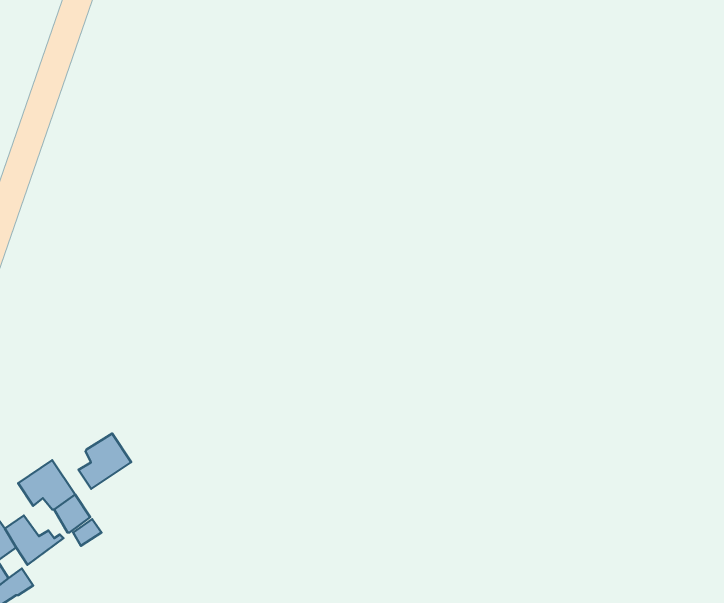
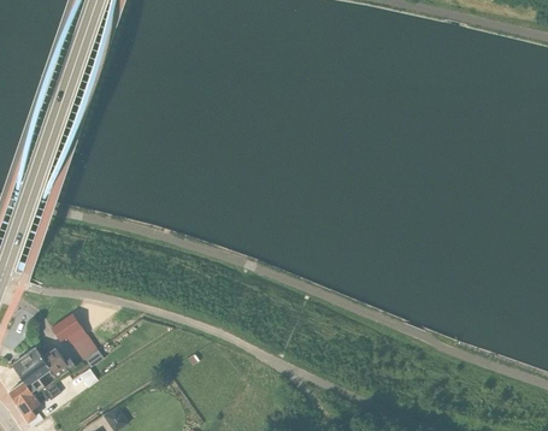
building: [79,434,131,489] -> none

